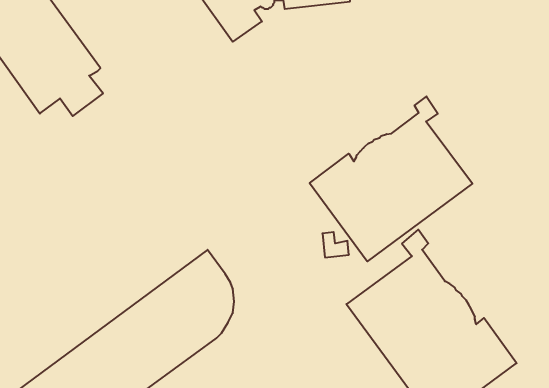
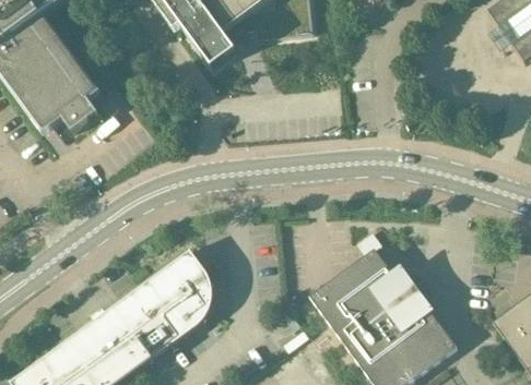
building: [310,96,472,261] -> none

